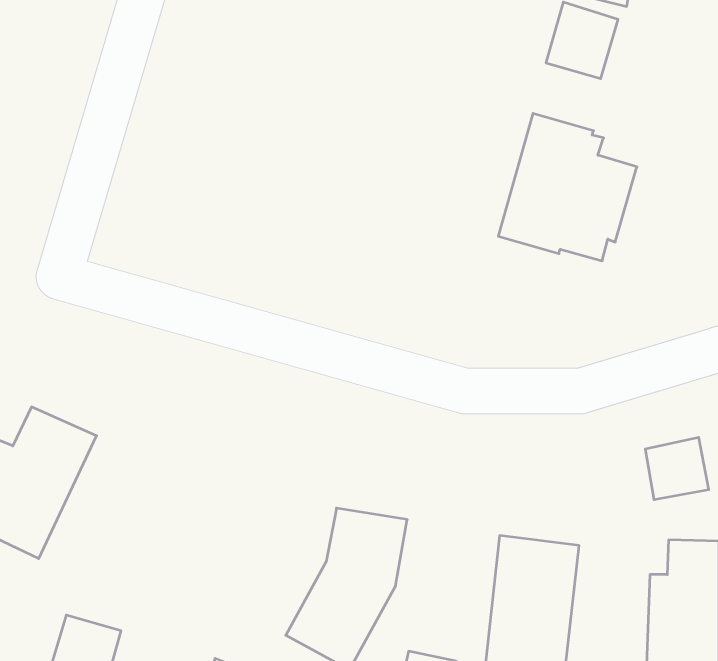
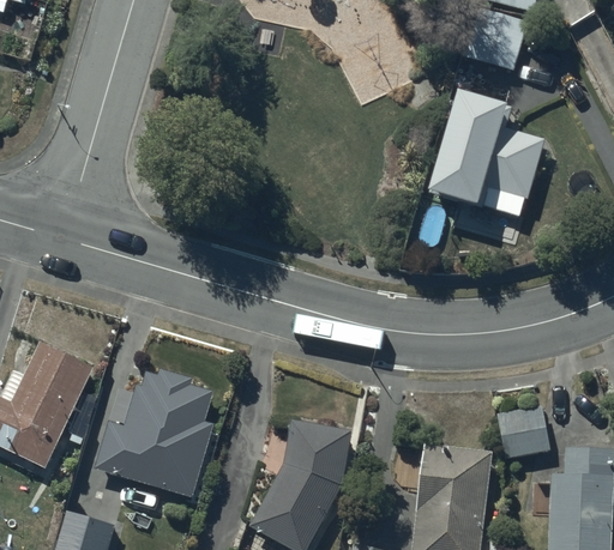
building: [645,437,709,500] -> [498,406,550,458]
building: none -> [92,365,212,508]

